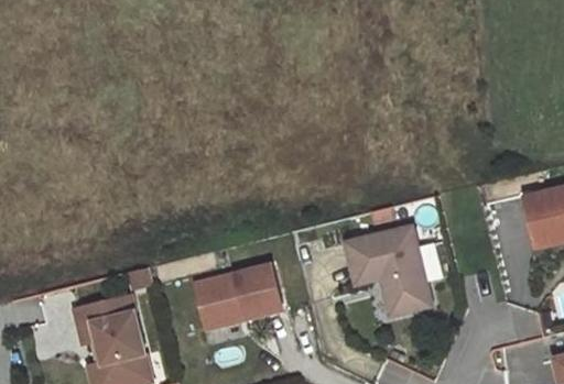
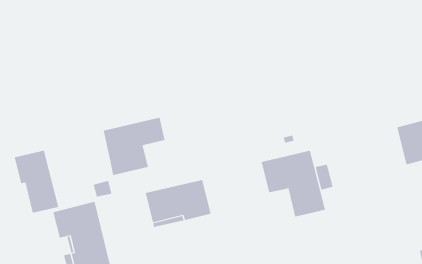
building: none -> [103,117,165,176]
building: none -> [14,150,59,214]

